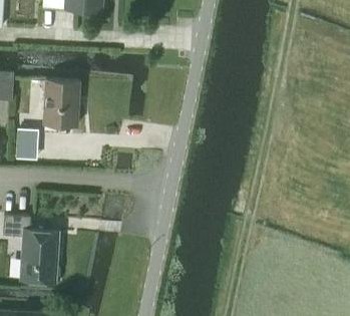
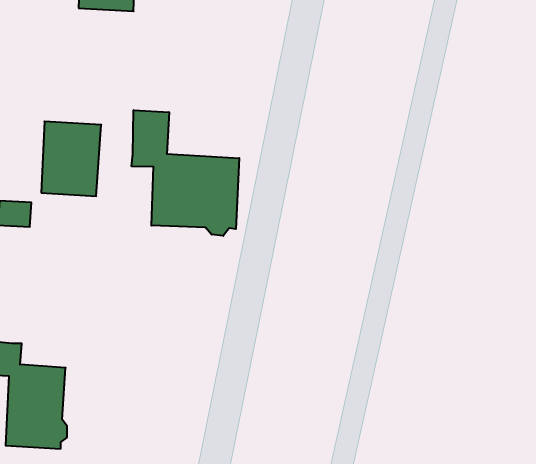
building: none -> [132,110,239,236]

